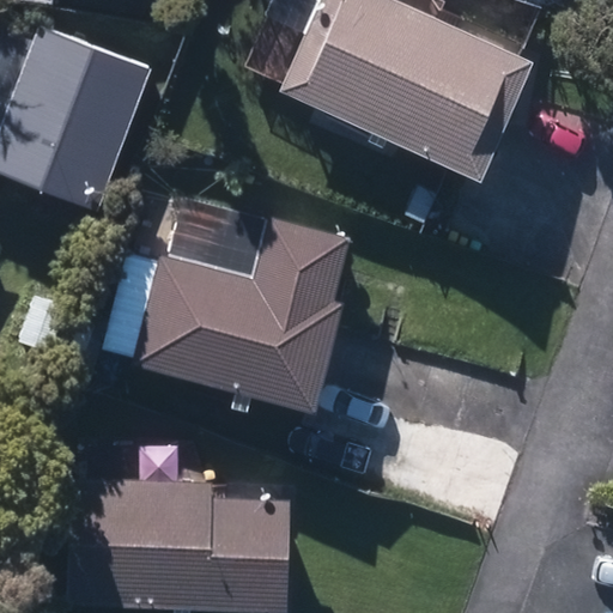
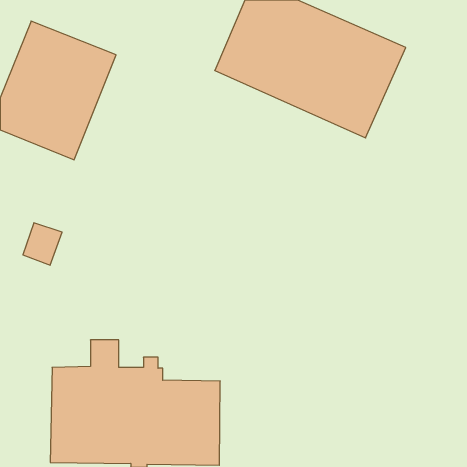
building: [134,218,350,412] -> none

